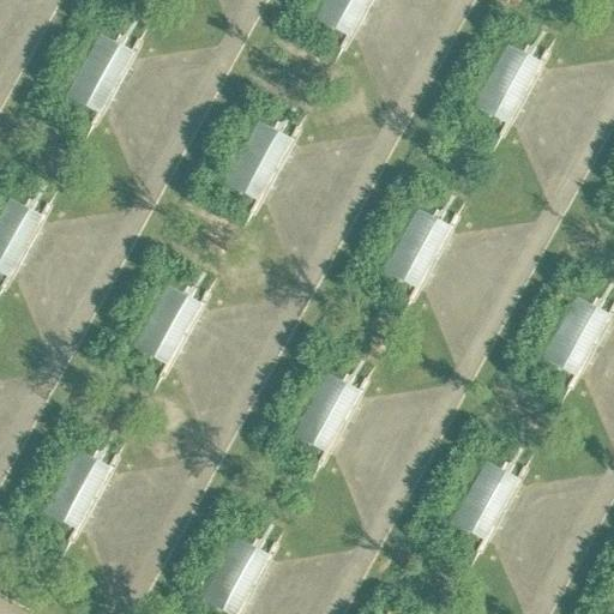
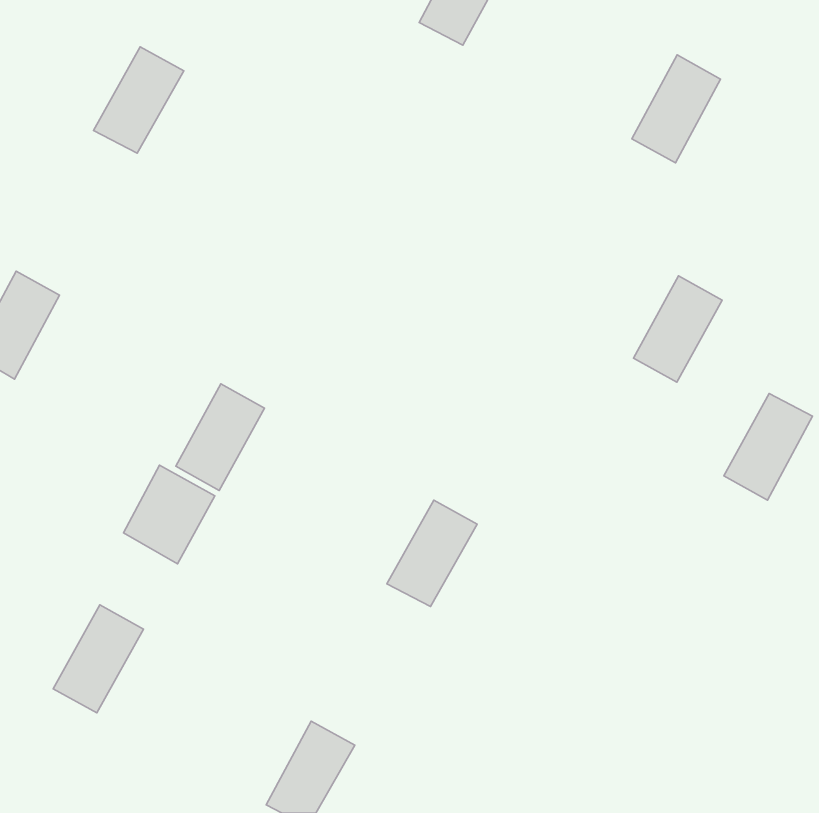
building: [222,119,288,198] -> none
building: [380,205,446,284] -> [633,276,722,382]
building: none -> [124,465,215,564]
building: [447,459,513,538] -> none

